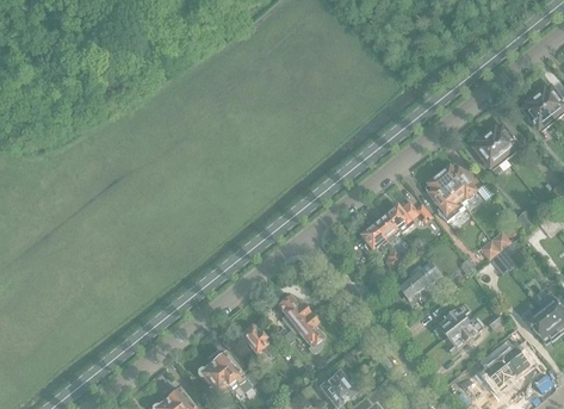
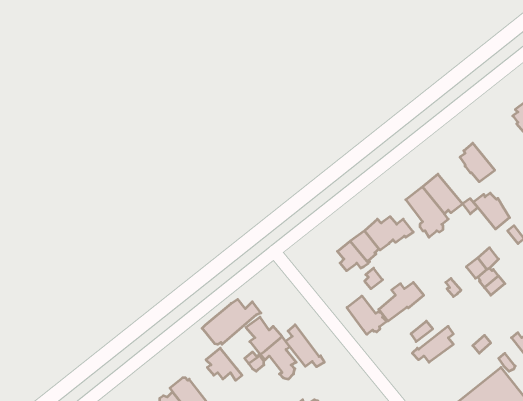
building: [486,125,520,159] -> [473,193,510,229]
building: none -> [347,296,387,334]
building: none -> [202,299,261,344]
building: none -> [286,325,324,367]
building: [446,315,483,354] -> none

